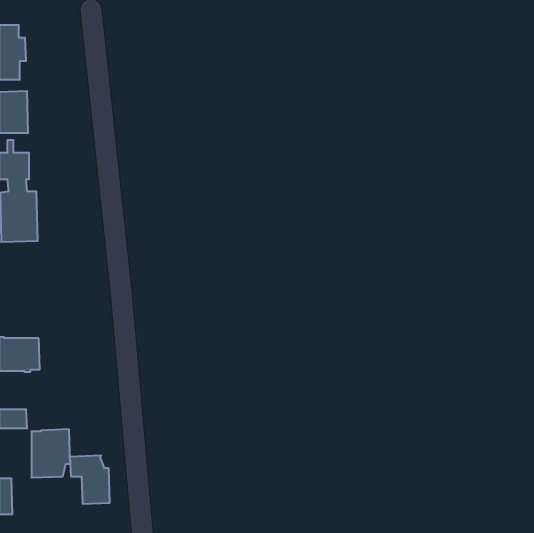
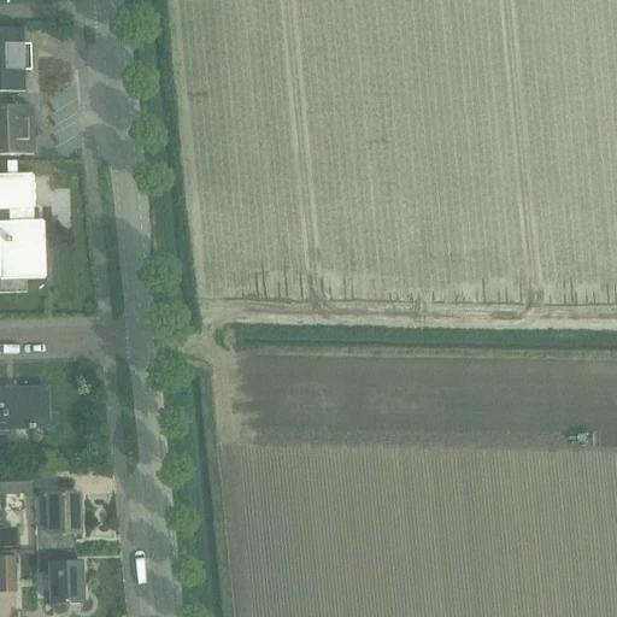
building: [70,456,110,504] -> [36,548,82,604]

